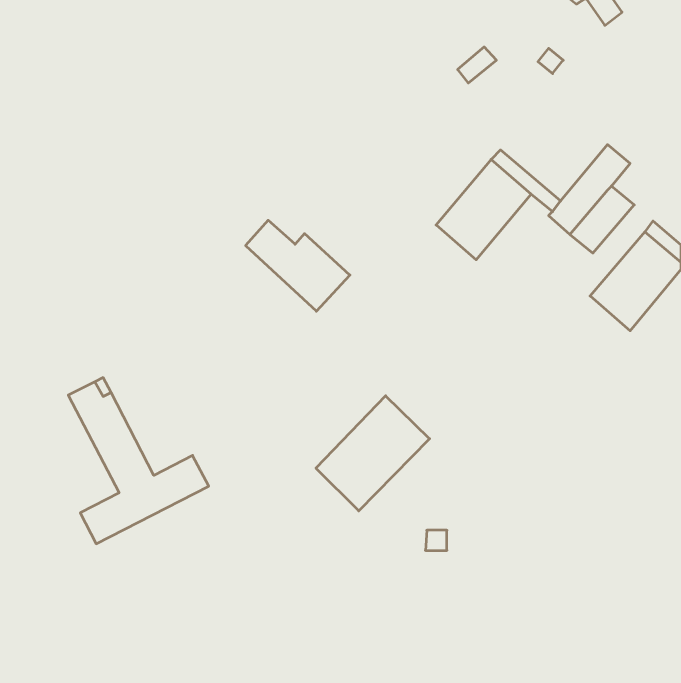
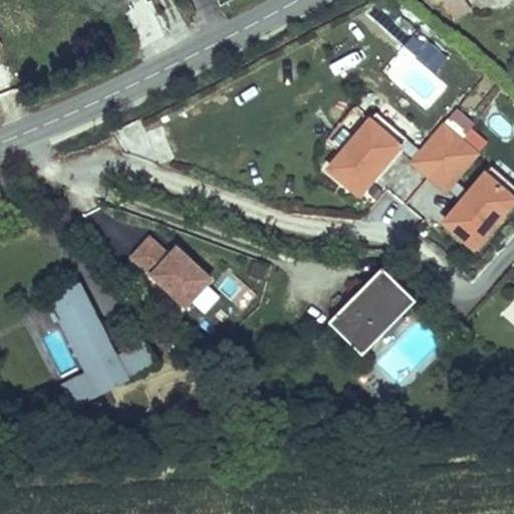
building: [246,220,350,311] -> [132,238,210,306]
building: [316,396,430,511] -> [328,268,414,354]

